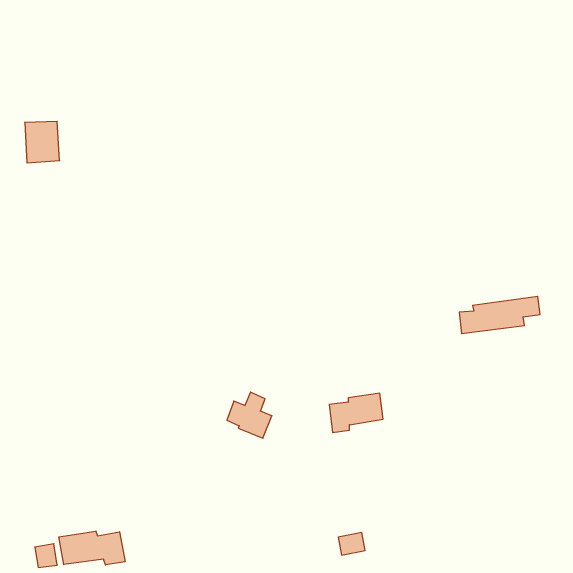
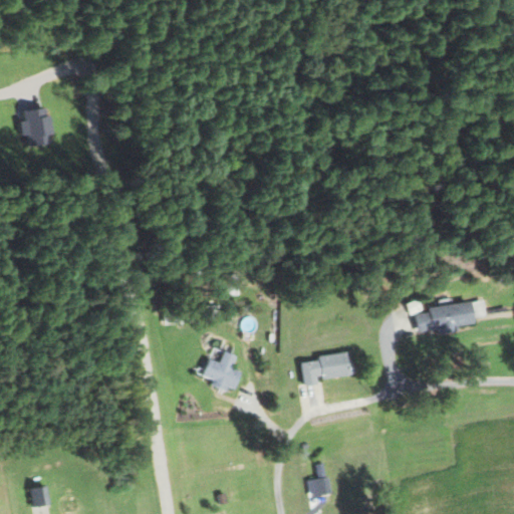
building: [459,296,540,334] -> [412,300,484,333]
building: [59,531,125,565] -> none

